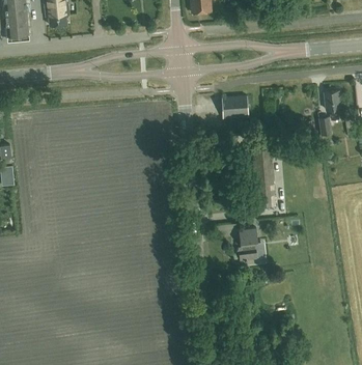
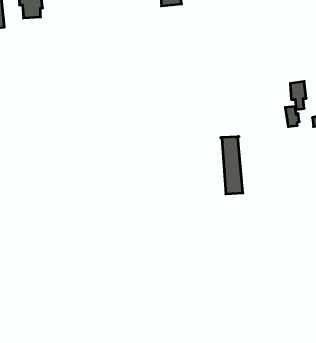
building: [221,96,249,119] -> none
building: [239,228,258,261] -> none

